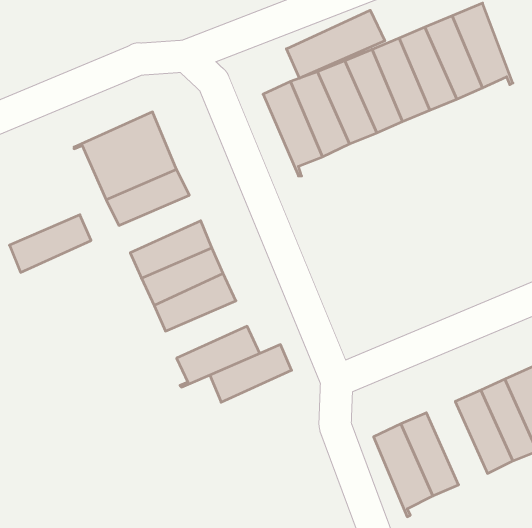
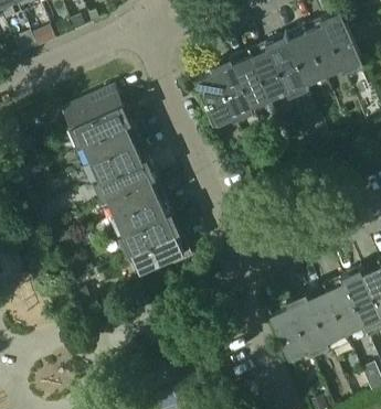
building: [286,10,385,78] -> none
building: [9,215,91,272] -> [91,146,147,185]
building: [210,345,292,402] -> [123,218,179,258]
building: none -> [303,288,345,345]

